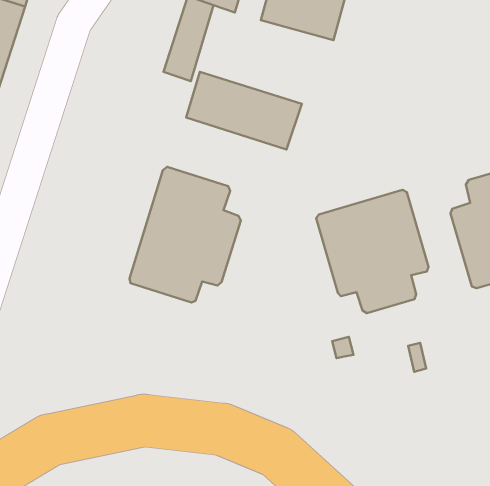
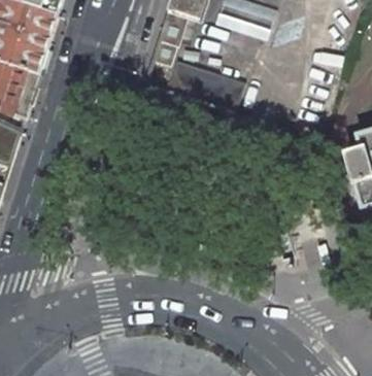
building: [129,167,241,303] -> none
building: [316,190,428,313] -> none

